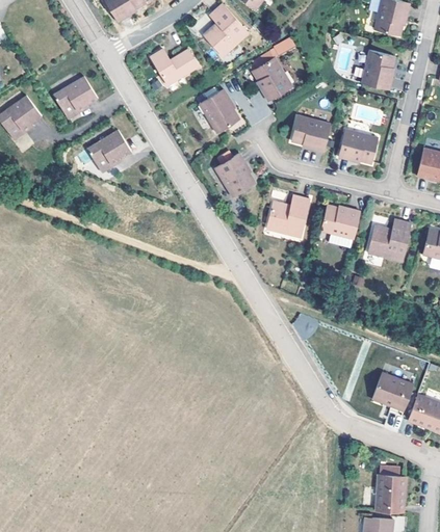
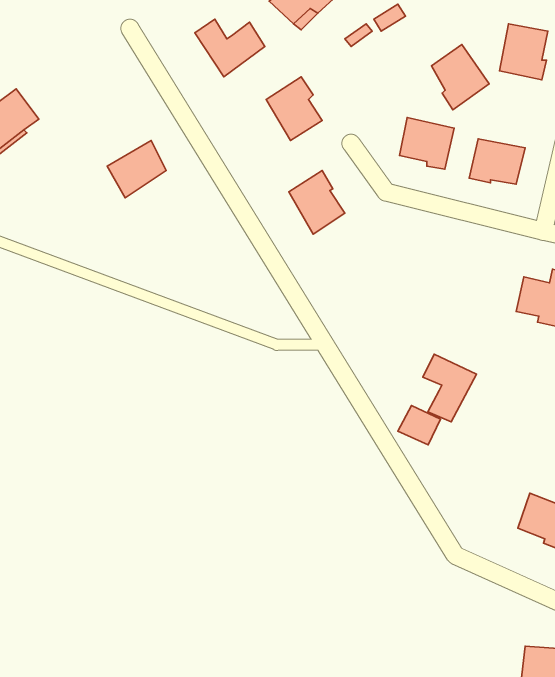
building: [253,57,292,102] -> [432,45,489,110]
building: [53,77,97,118] -> none
building: [267,193,309,233] -> none
building: [320,204,358,234] -> none
building: none -> [423,354,477,422]

